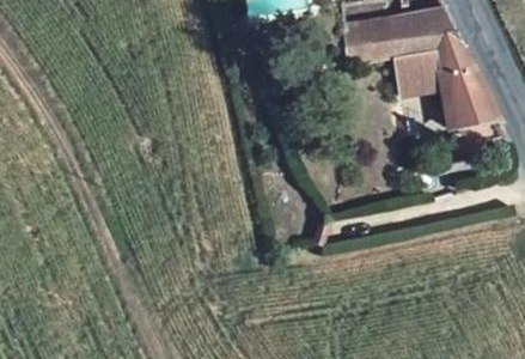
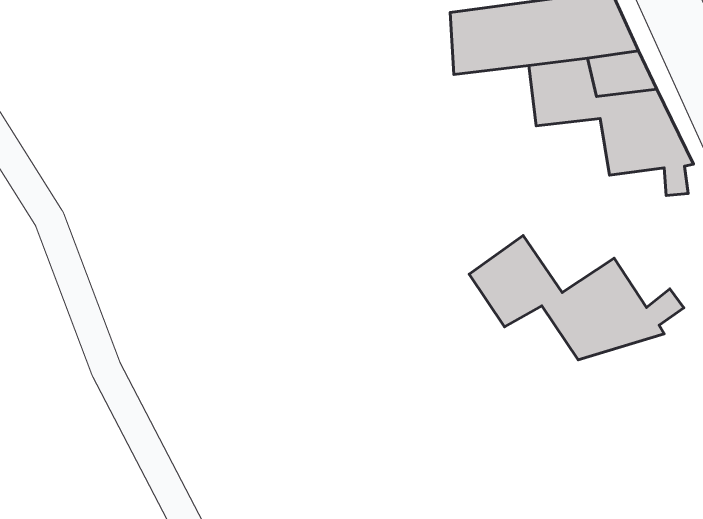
building: none -> [469,236,684,360]

